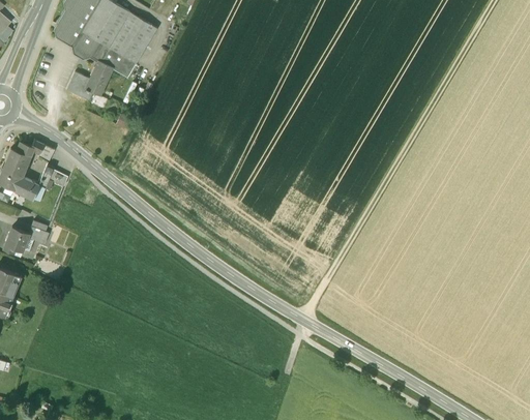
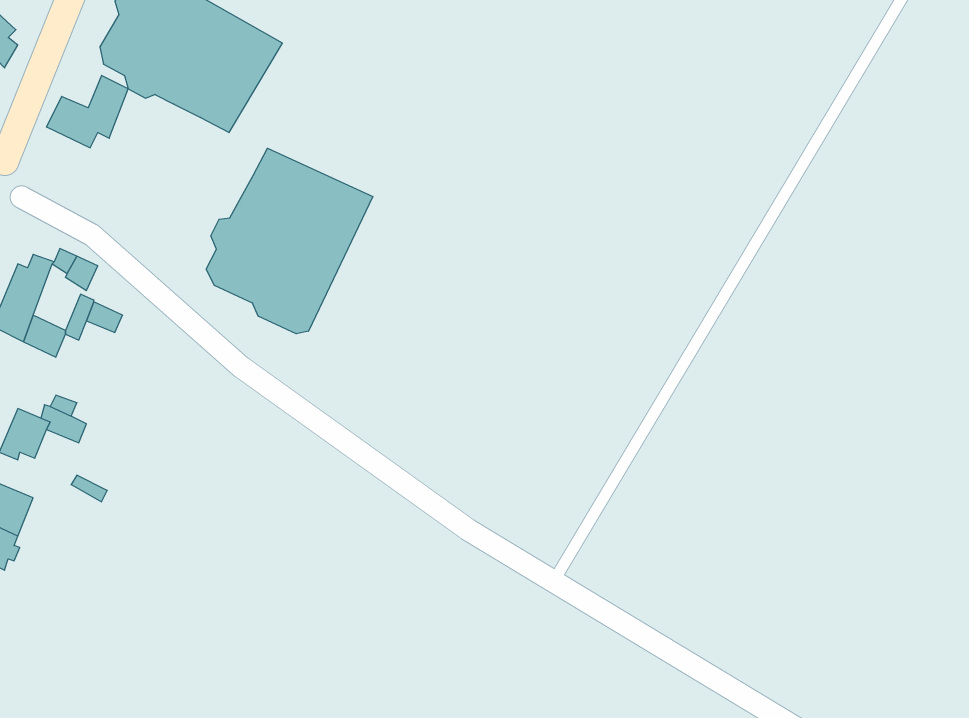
building: [66,61,111,100] -> [46,75,128,148]
building: none -> [206,148,373,334]

